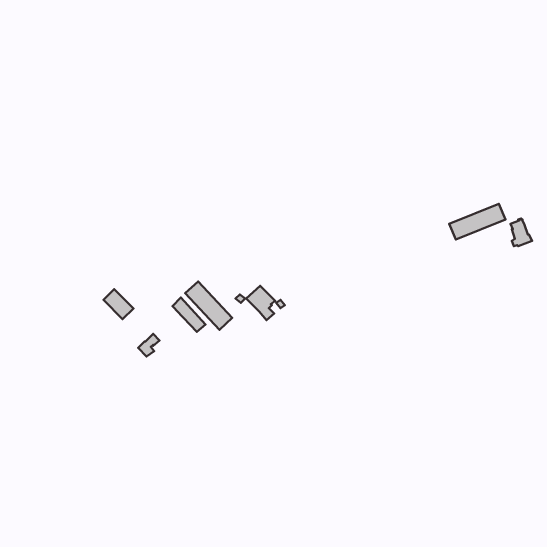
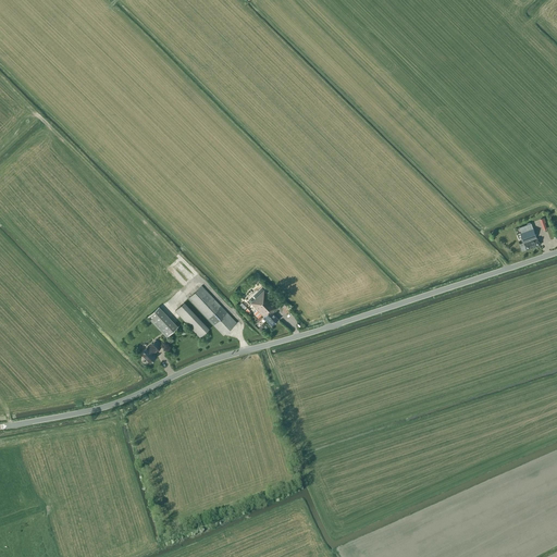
building: [449,204,506,240] -> none
building: [103,289,133,319] -> [147,307,177,337]

